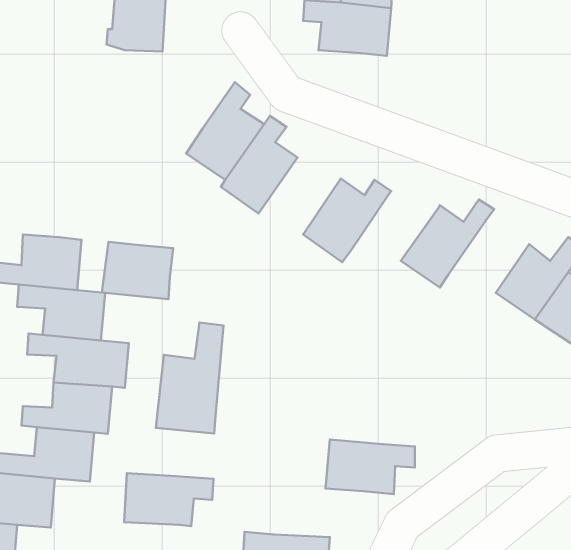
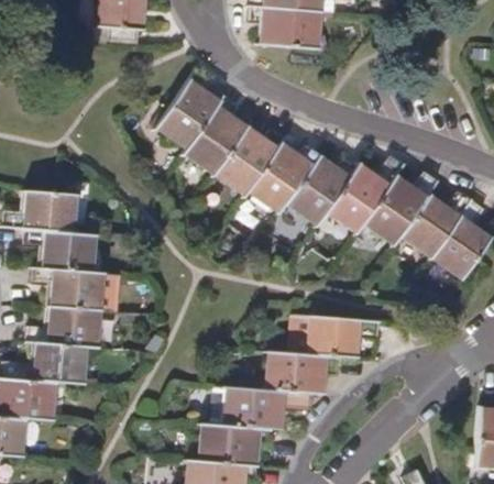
building: none -> [215,129,284,194]
building: none -> [287,158,356,223]
building: none -> [364,173,439,243]
building: [102,242,173,299] -> none
building: [156,323,224,434] -> none
building: none -> [309,316,378,359]
building: [124,473,213,526] -> [227,387,297,429]

